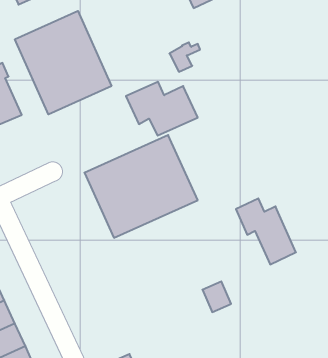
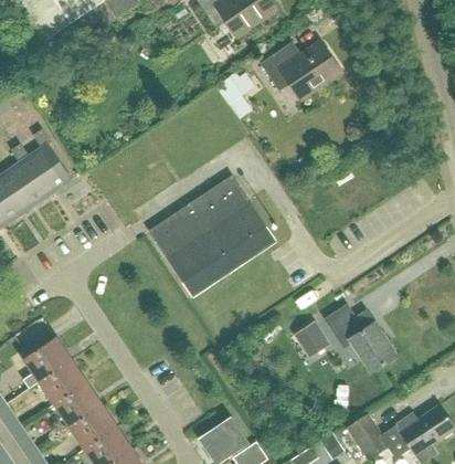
building: [15,11,111,114] -> none
building: [126,82,198,136] -> [260,41,340,98]
building: [236,198,296,264] -> [325,304,396,372]

